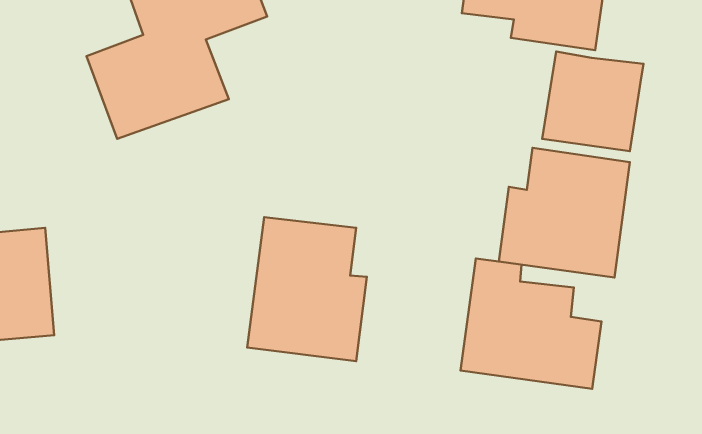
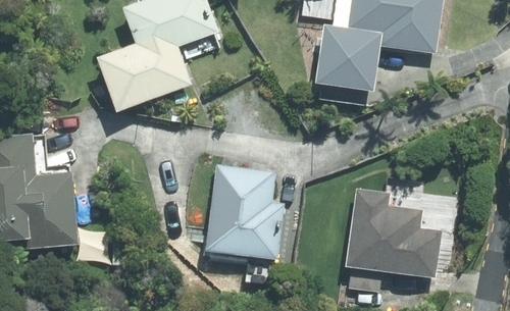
building: [542,52,643,151] -> [314,24,381,91]
building: [499,148,630,277] -> none

